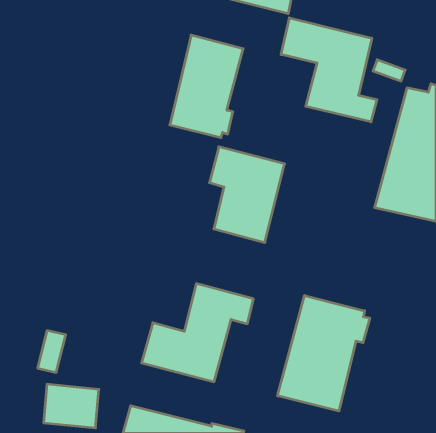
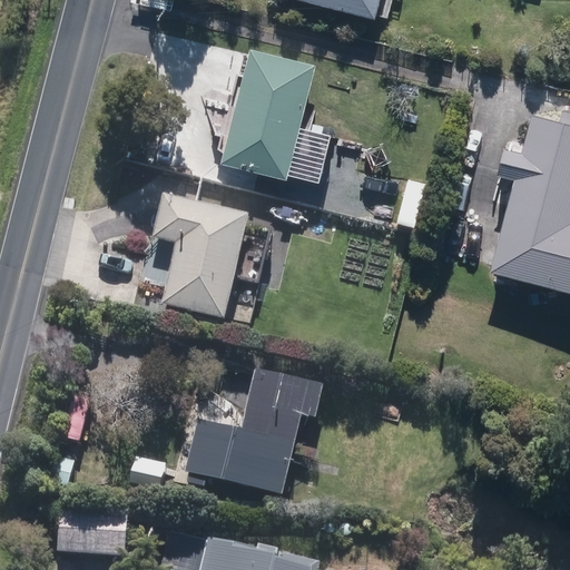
building: [281,18,377,122] -> none
building: [209,147,285,242] -> [155,198,253,323]
building: [278,295,370,411] -> none

